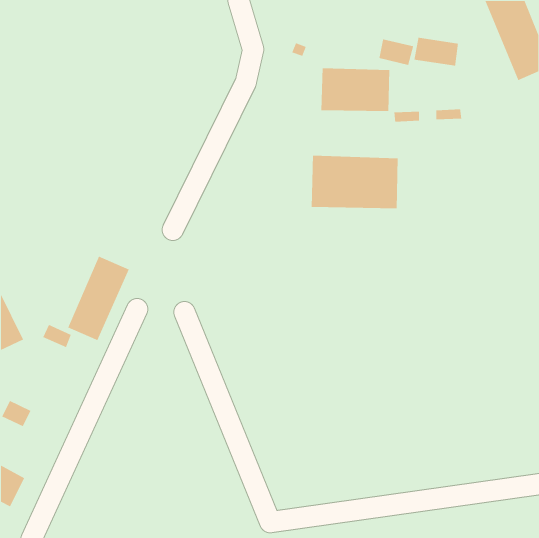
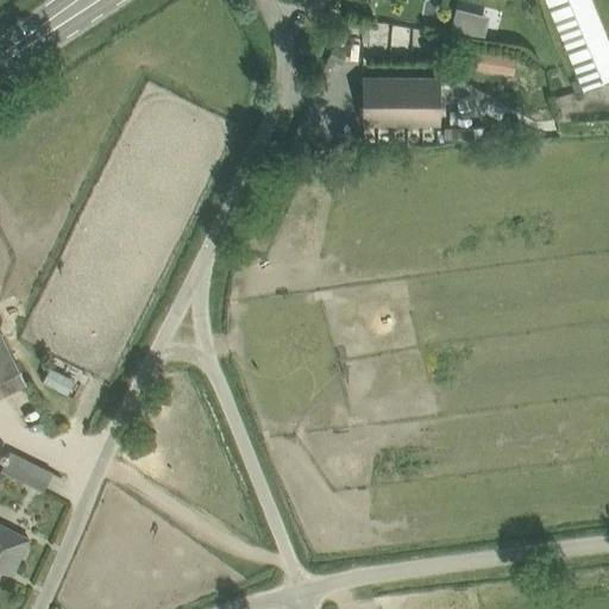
building: [378,38,414,66] -> [450,12,490,43]
building: [311,155,399,209] -> none
building: [67,256,130,341] -> none

